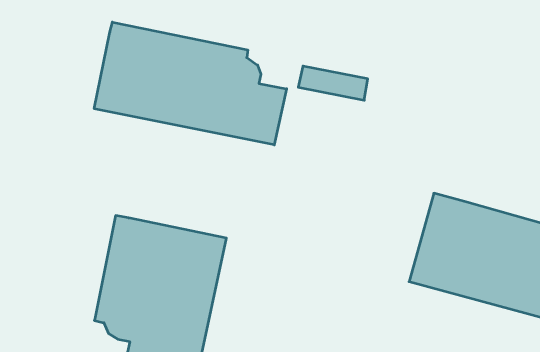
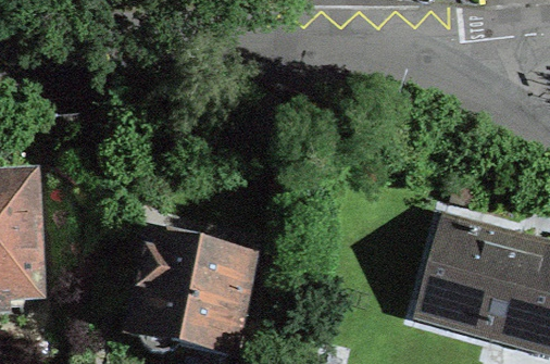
building: [94,22,287,145] -> none

